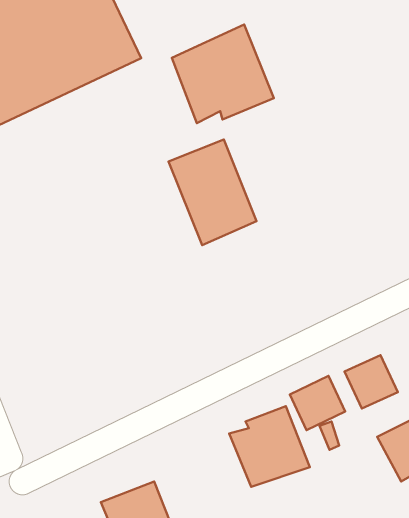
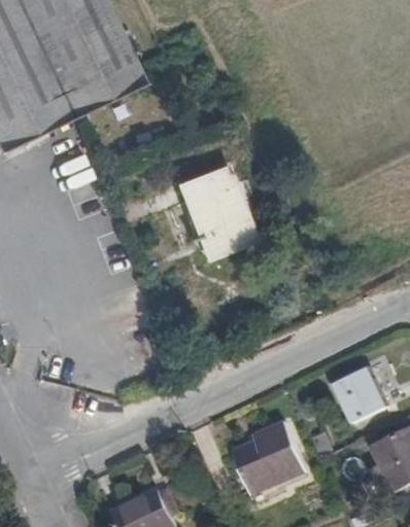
building: [172,24,274,123] -> none
building: [290,376,345,430] -> none

